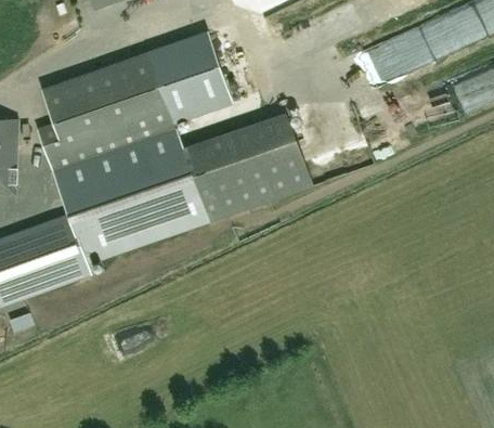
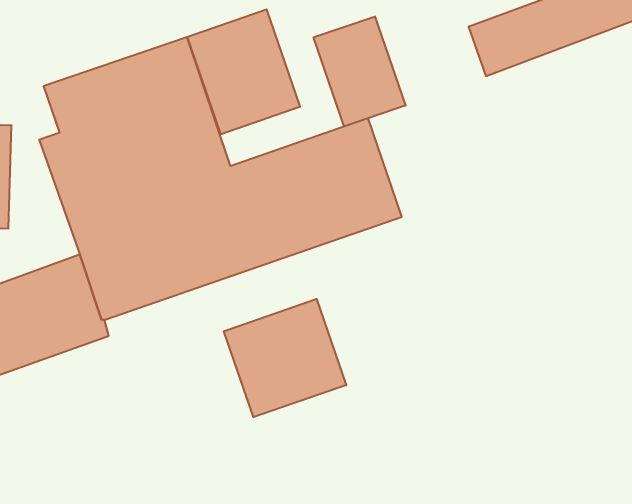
building: none -> [314,16,406,126]
building: none -> [224,299,346,417]

